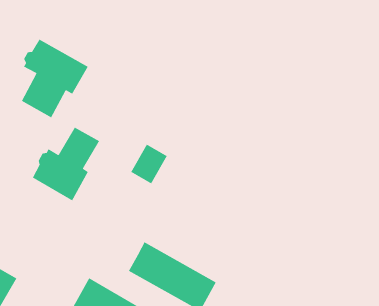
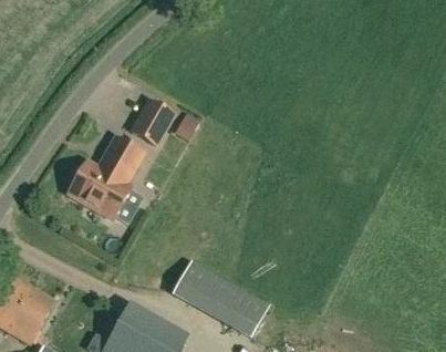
building: [21,39,89,119] -> none
building: [130,144,168,185] -> [133,101,174,145]

